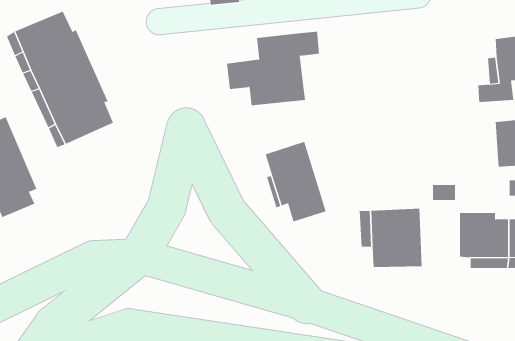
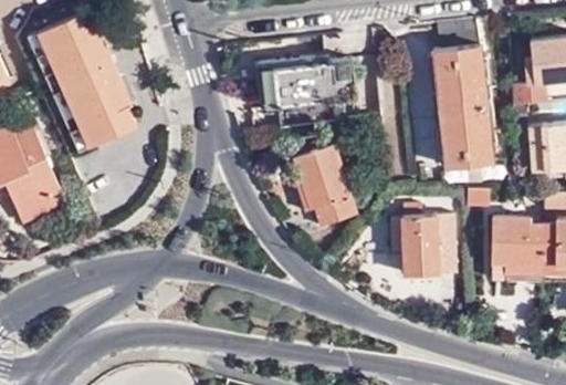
building: none -> [432,20,493,168]

